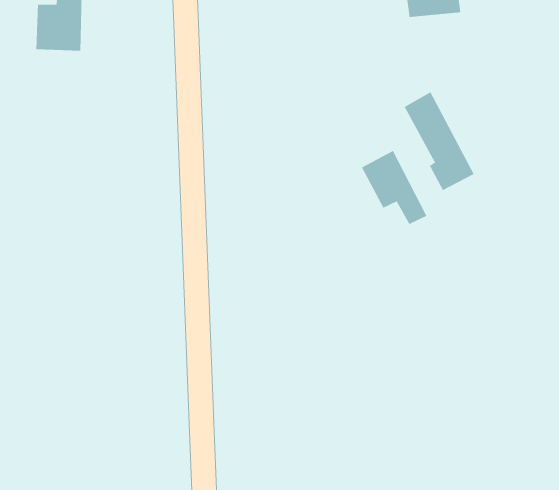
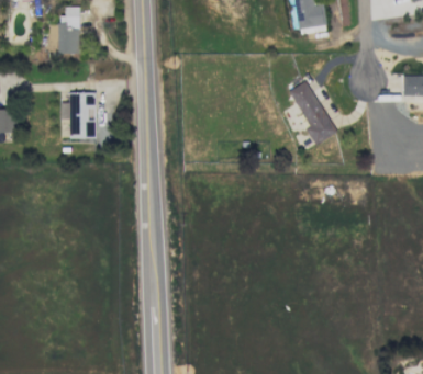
building: none -> [62,91,98,139]
building: [361,150,427,225] -> none

